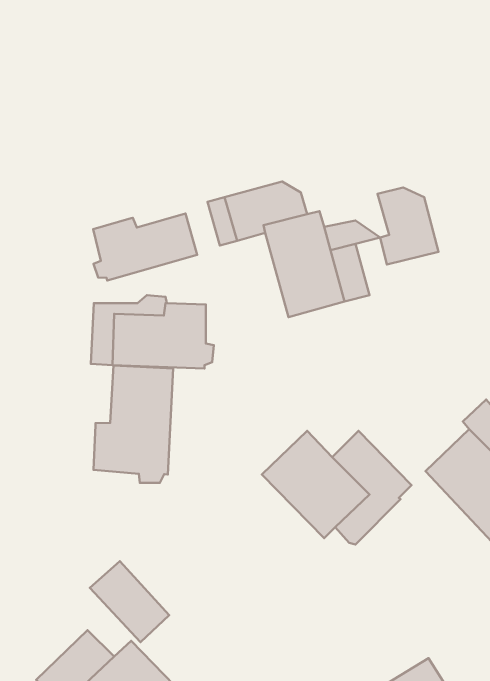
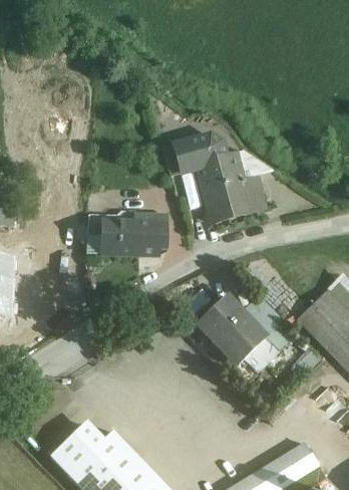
building: [377,188,439,264] -> none
building: [93,214,197,280] -> none
building: [93,365,173,483] -> none
building: [90,561,169,642] -> none

